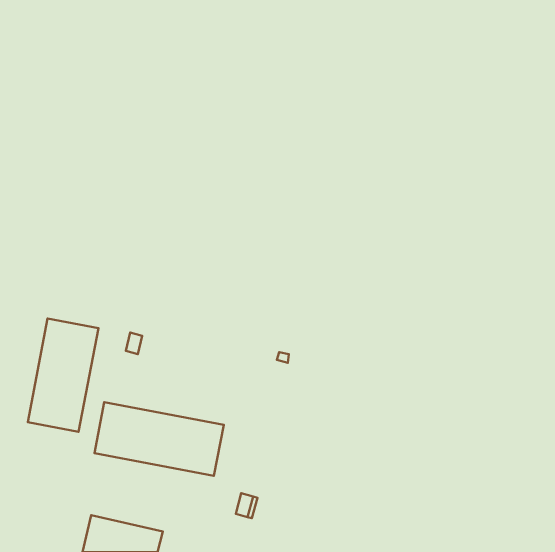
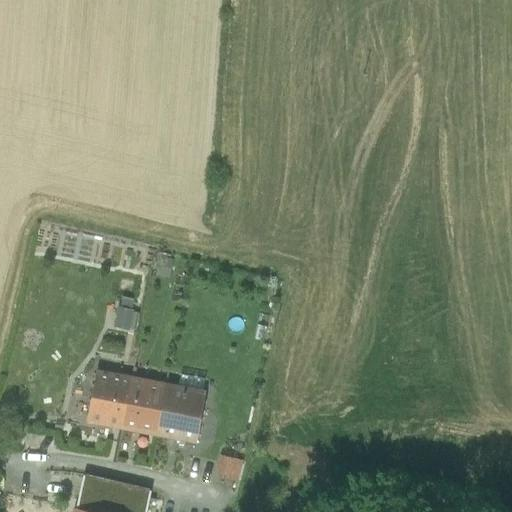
building: [28,319,98,432] -> none

